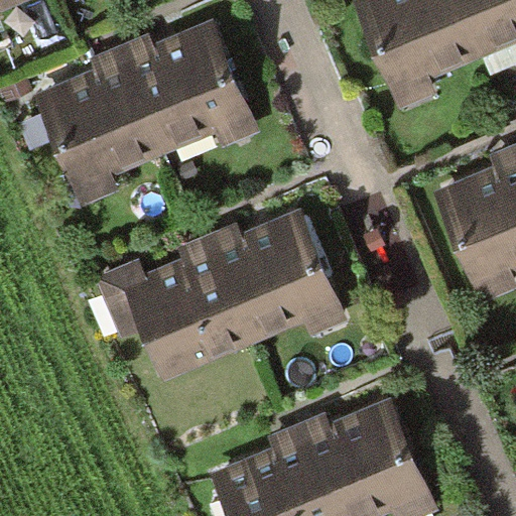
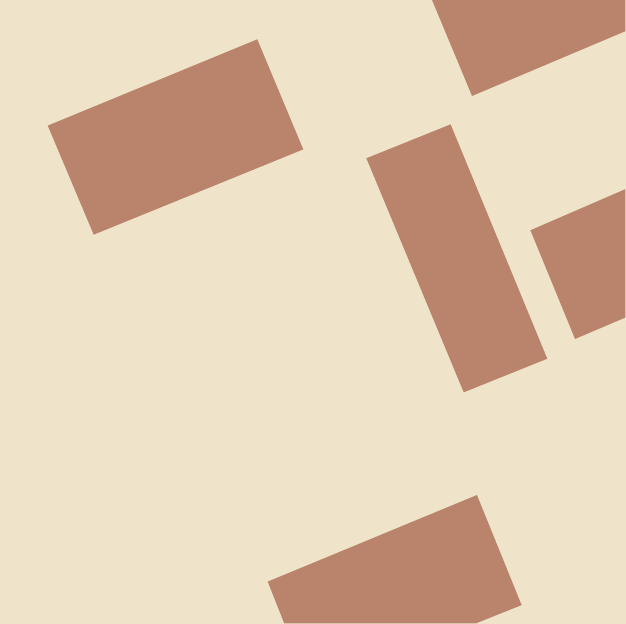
building: none -> [365,123,549,393]
building: [123,212,334,375] -> none

